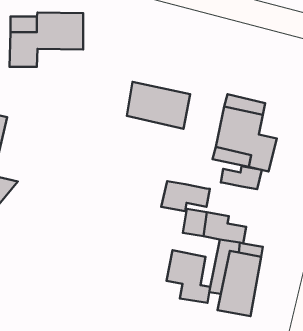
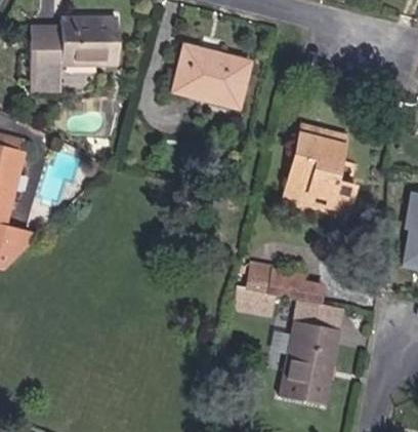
building: [127,82,190,129] -> [173,50,252,109]
building: [221,166,262,189] -> none
building: [161,181,210,211] -> none
building: [166,250,210,303] -> none

